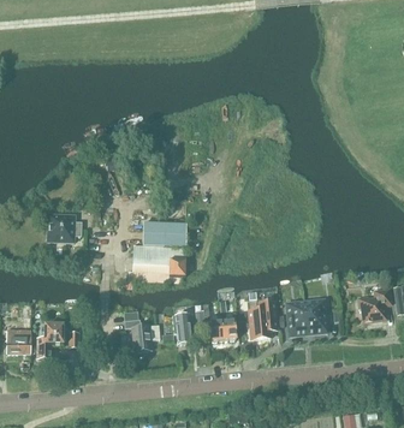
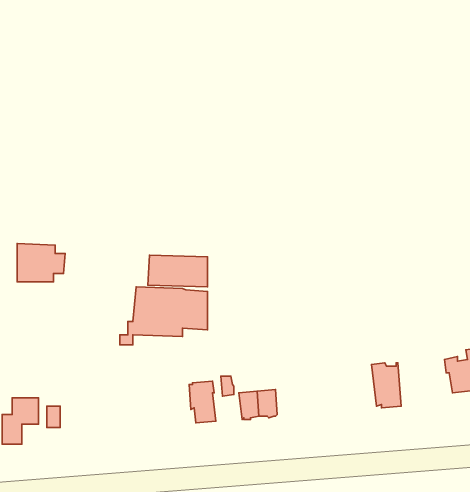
building: [248,302,277,339] -> none
building: [286,302,308,335] -> none
building: [123,311,159,351] -> none

